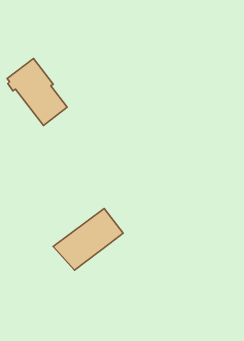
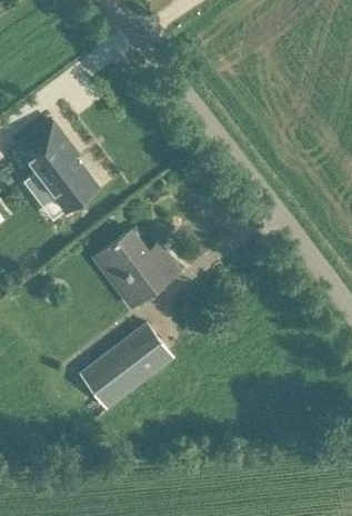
building: none -> [95,230,180,307]

